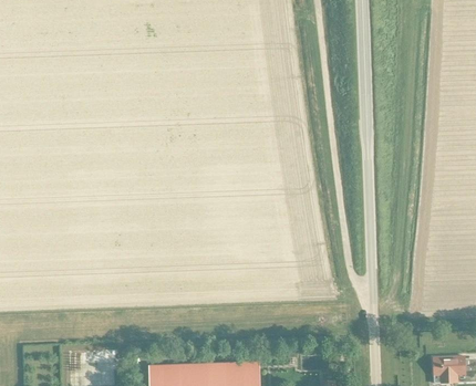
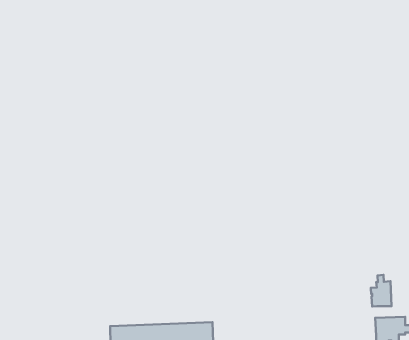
building: none -> [371,275,391,307]

